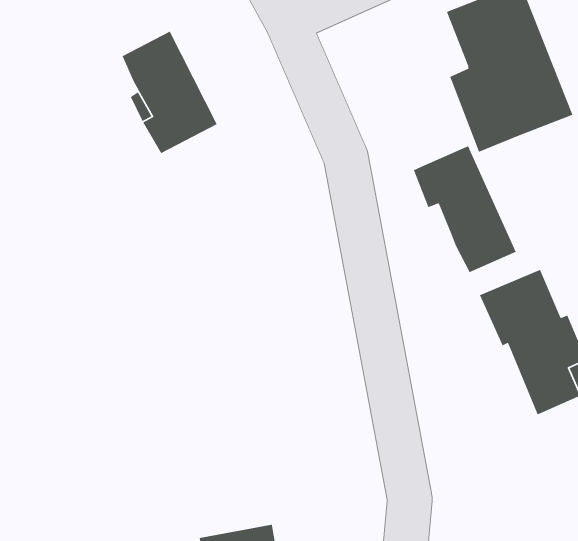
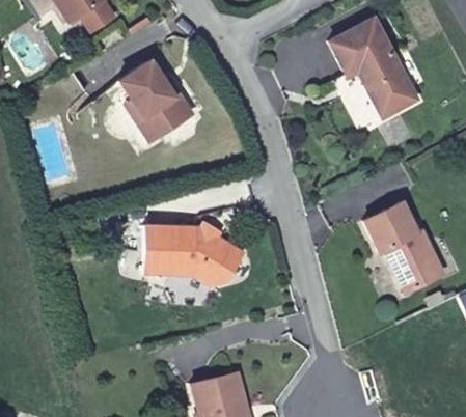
building: [413,145,517,273] -> none
building: none -> [144,225,246,288]

